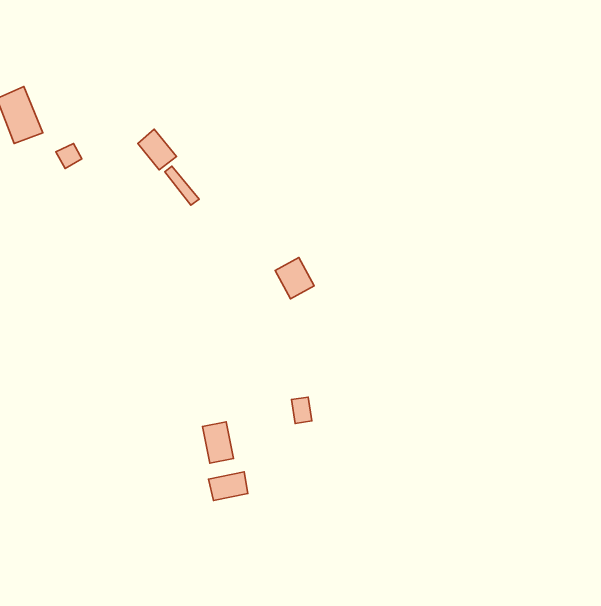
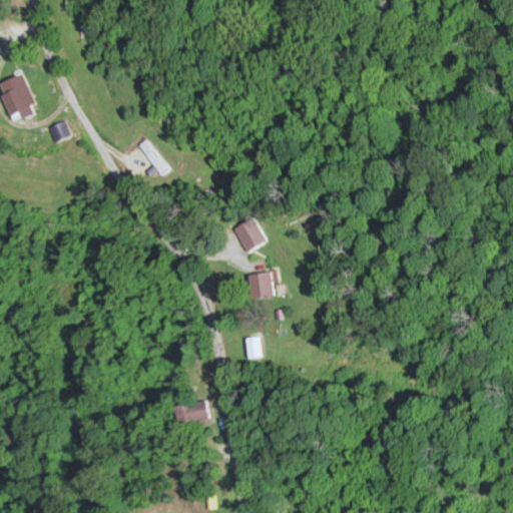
building: [138,129,177,170] -> none
building: none -> [247,271,275,300]
building: [202,422,233,463] -> none

